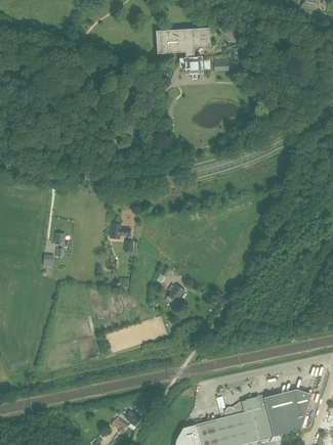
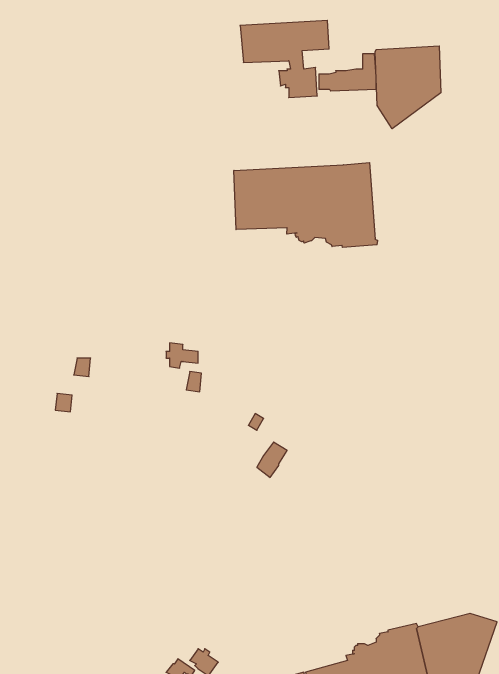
building: none -> [375,46,441,129]
building: none -> [234,163,378,247]

